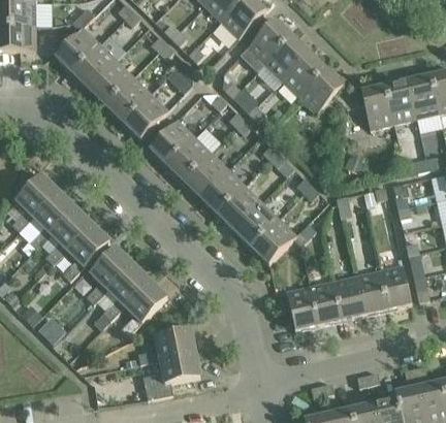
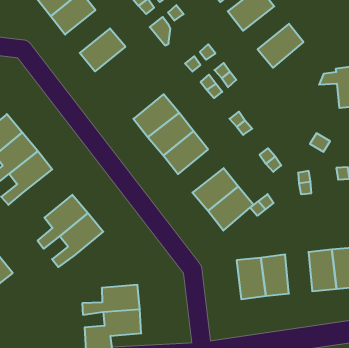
building: [256,35,309,88] -> none
building: [89,60,132,104] -> none
building: [298,67,349,112] -> none
building: [123,93,167,137] -> none
building: [149,119,193,163] -> none
building: [217,185,261,229] -> none
building: [61,223,108,280] -> none
building: [332,274,363,318] -> none
building: [119,279,166,335] -> none

